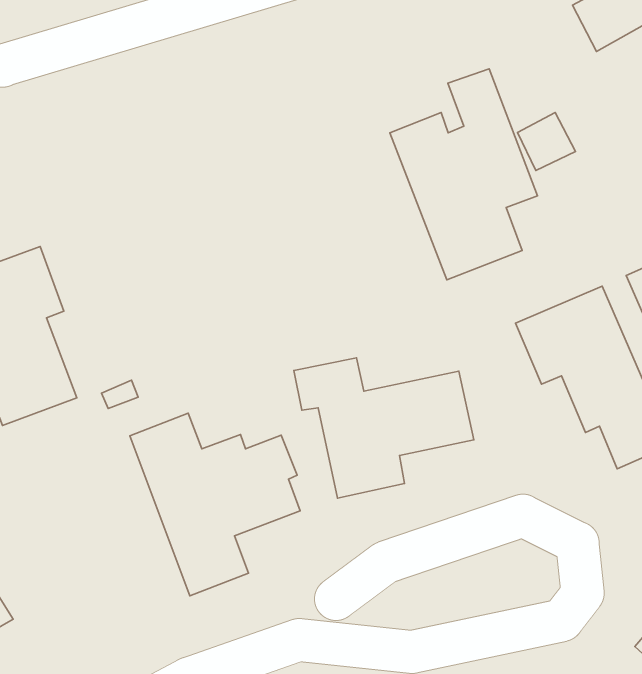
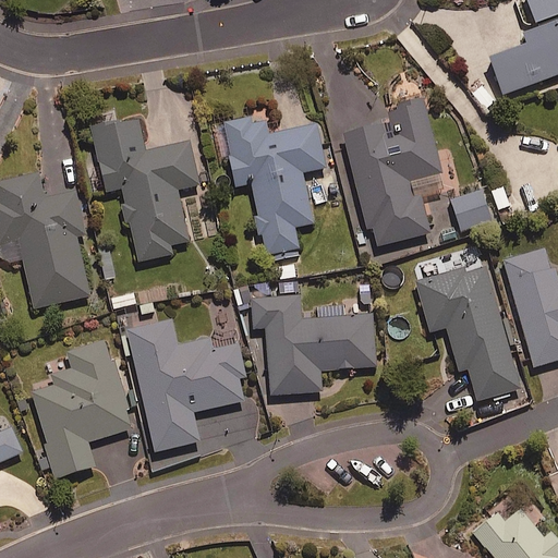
building: [517,112,575,170] -> [451,189,492,229]
building: none -> [225,116,325,255]
building: none -> [92,121,197,260]
building: none -> [32,340,132,478]

